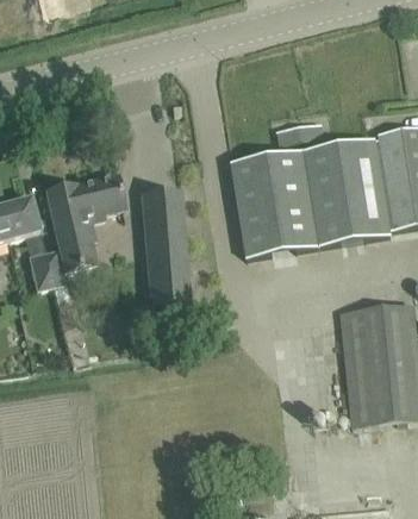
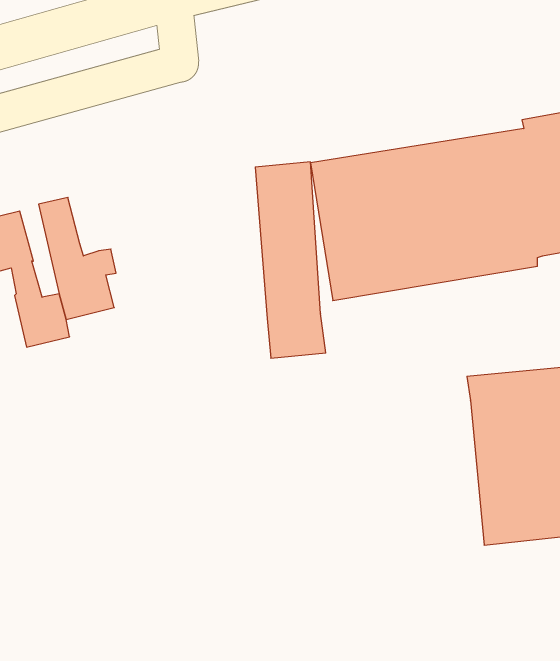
building: [64,174,124,226] -> none
building: [143,192,192,327] -> [255,162,326,358]

